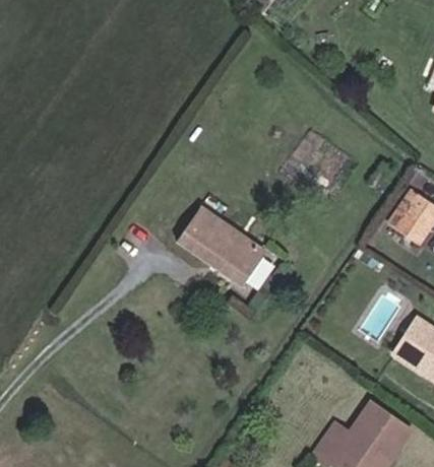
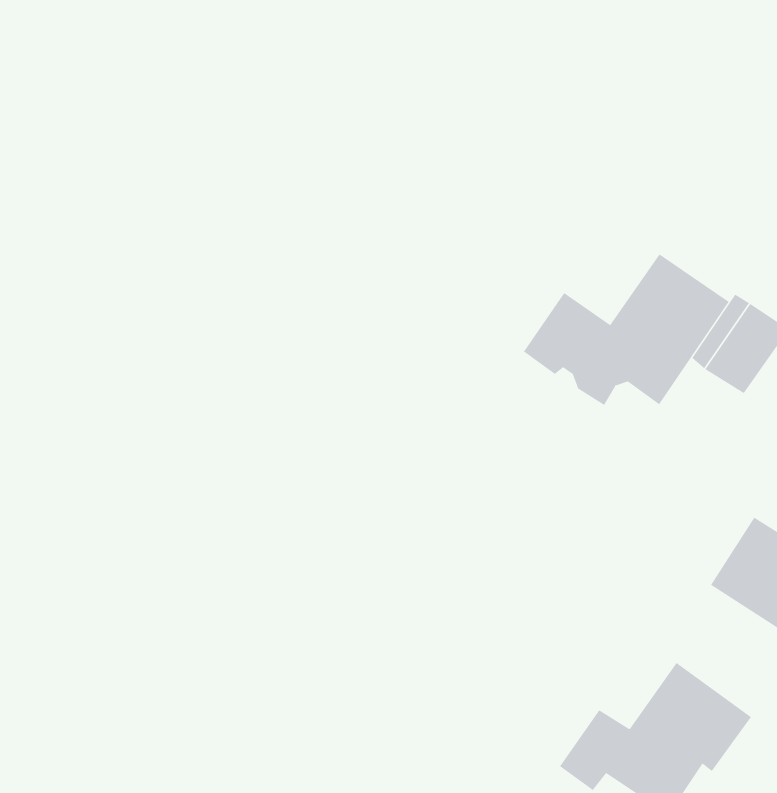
building: none -> [523,254,729,406]
building: [179,204,265,282] -> none

